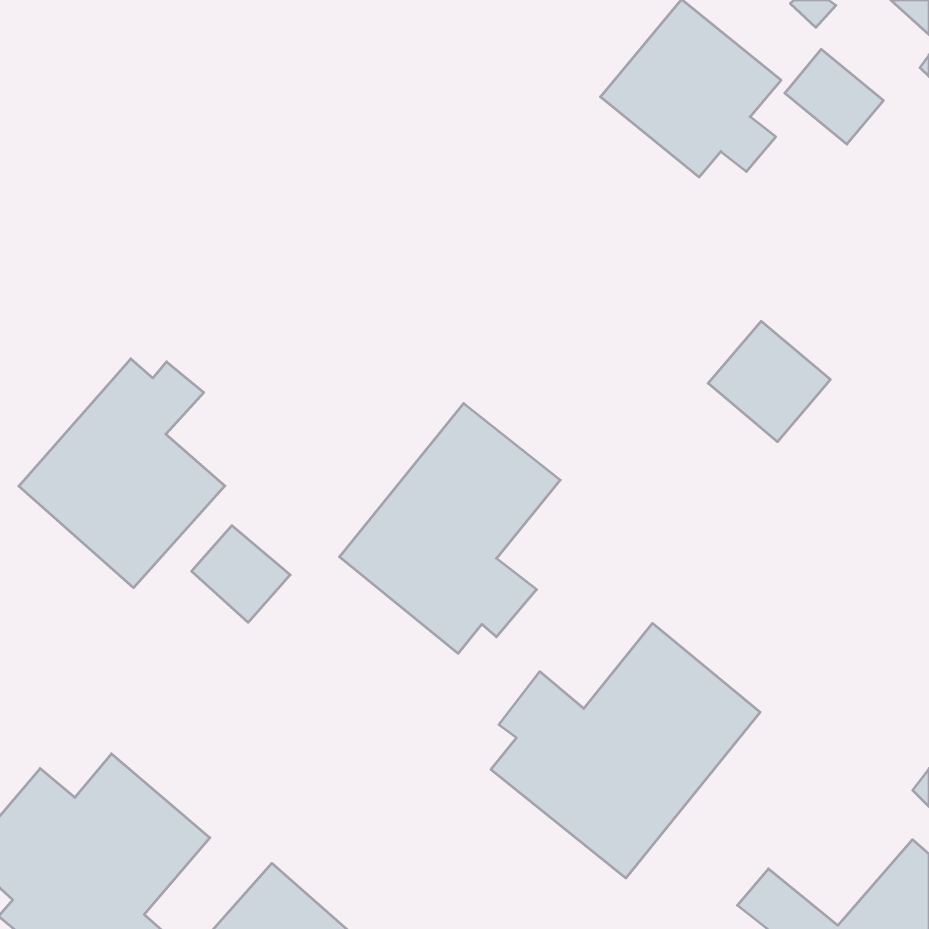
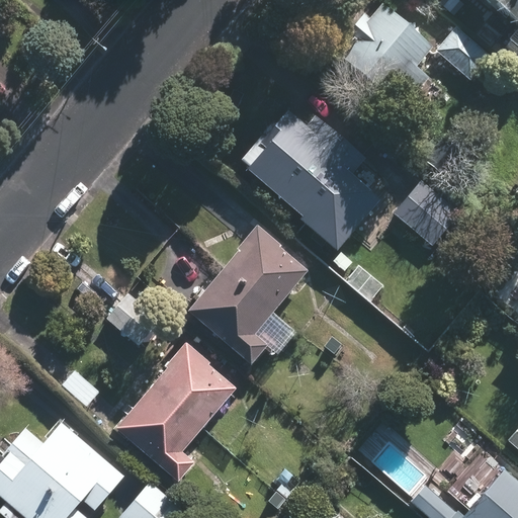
building: none -> [242,109,391,252]
building: [19,359,225,588] -> none
building: none -> [113,342,239,483]
building: [491,623,760,878] -> none

